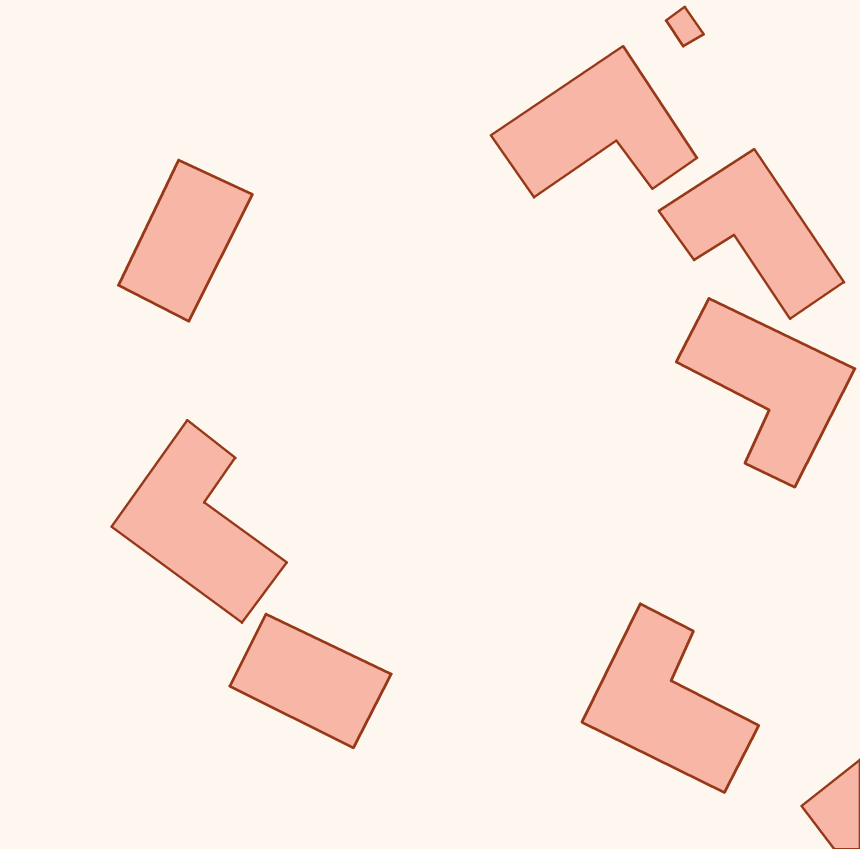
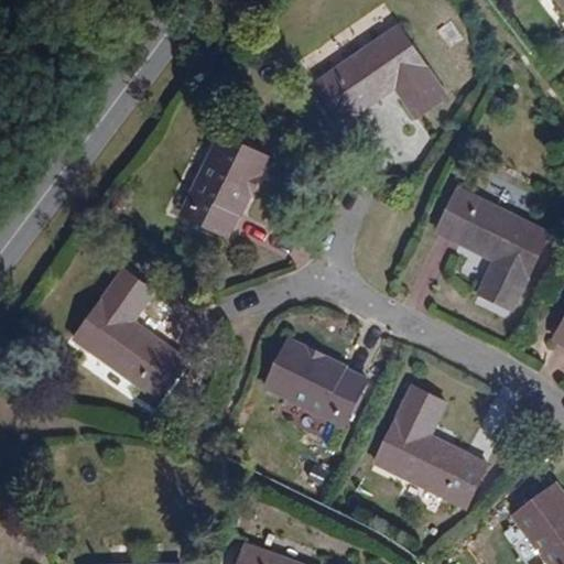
building: [659,149,844,319] -> none
building: [118,160,252,321] -> [181,135,267,239]
building: [230,614,391,748] -> [264,344,368,430]

